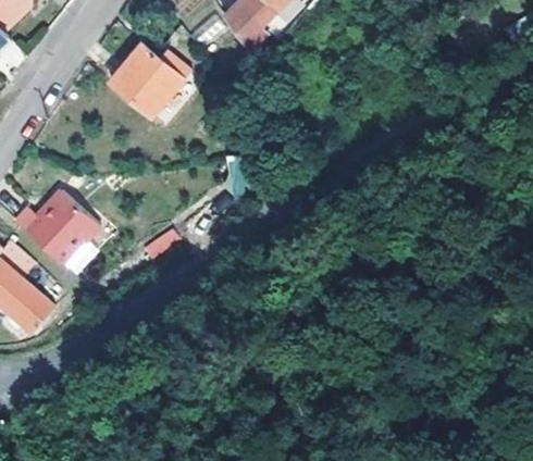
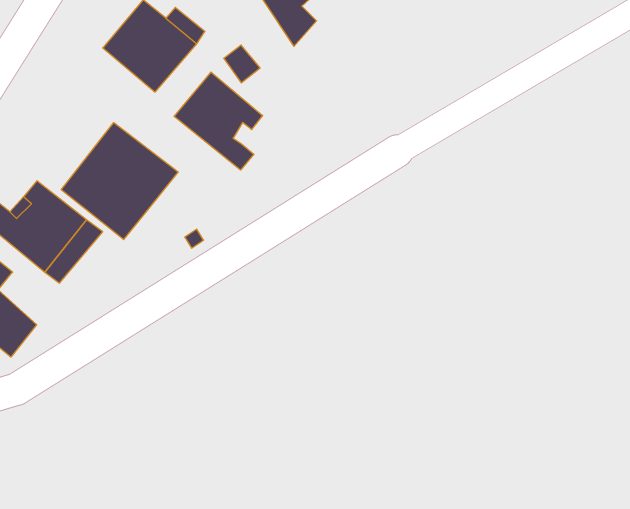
building: none -> [174,72,263,170]
building: none -> [61,123,178,240]

